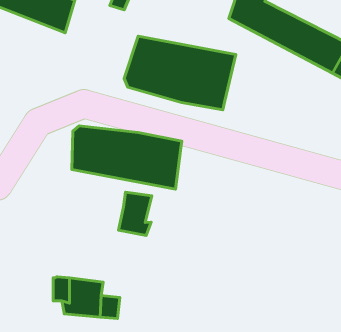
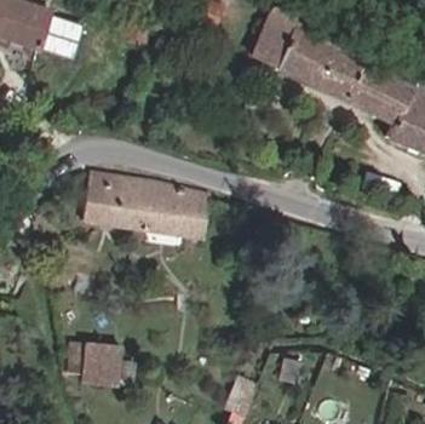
building: [124,36,236,110] -> none
building: [118,192,152,236] -> none

